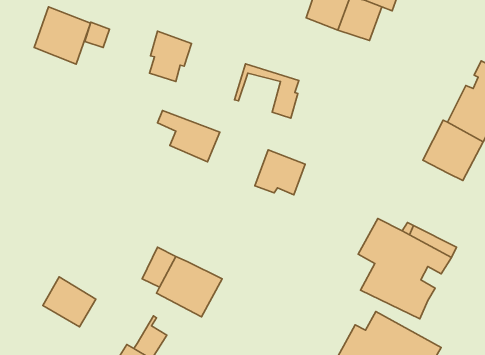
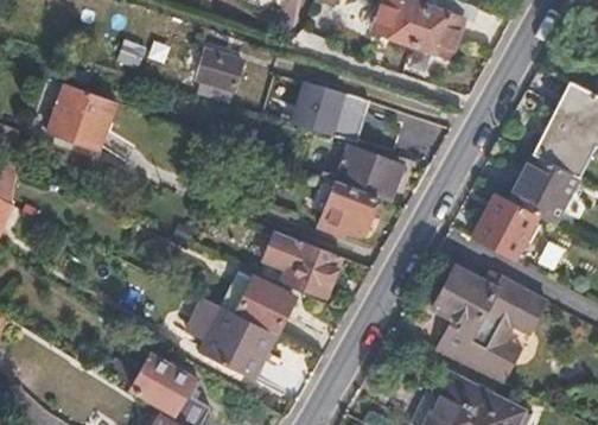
building: [34,7,91,64] -> [45,81,110,147]
building: none -> [294,95,343,140]
building: [157,111,220,162] -> [267,233,339,292]
building: none -> [329,150,397,204]
building: none -> [473,190,537,256]
building: none -> [235,280,291,334]
building: [43,277,96,327] -> [134,350,196,408]

